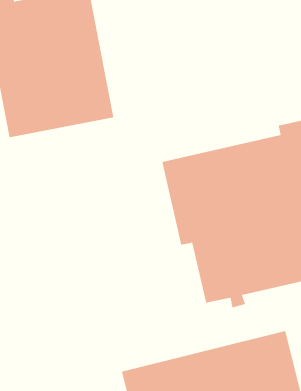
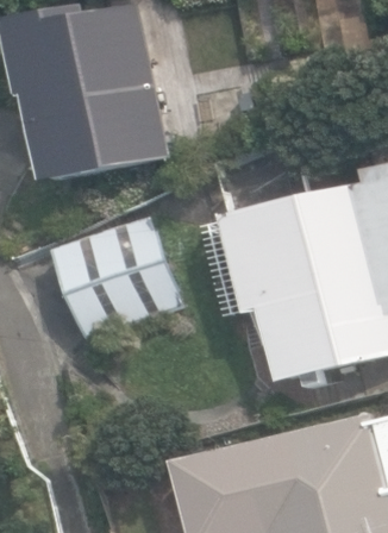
building: none -> [46,214,176,340]

